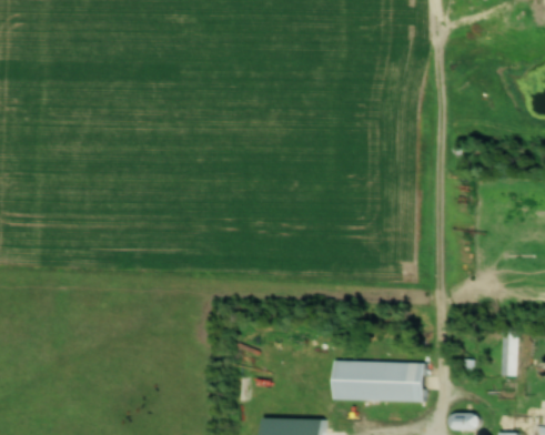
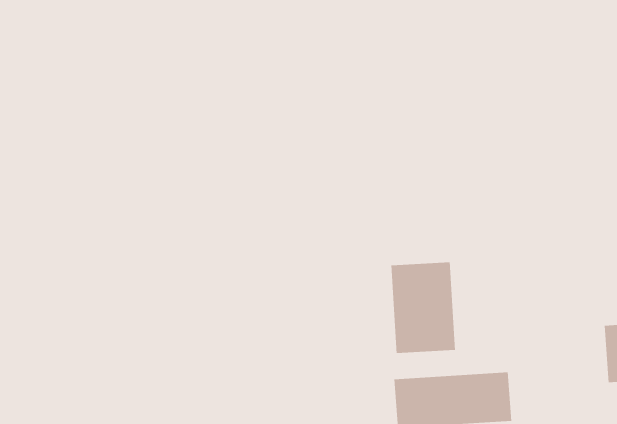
building: none -> [391,262,455,354]

